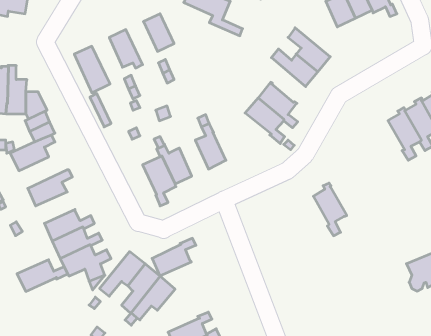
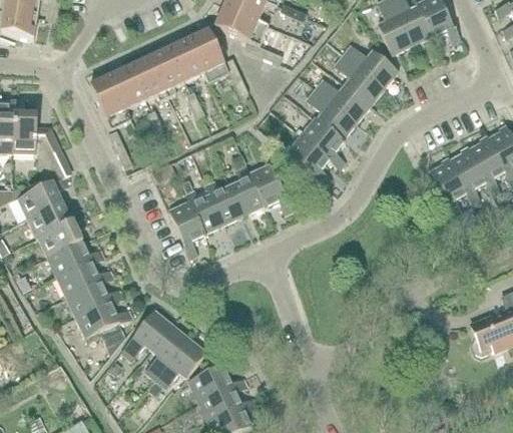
building: none -> [188,29,248,95]
building: none -> [343,44,398,87]
building: none -> [149,47,185,96]
building: none -> [110,65,145,108]
building: none -> [307,88,355,139]
building: none -> [248,163,292,212]
building: none -> [204,178,243,224]
building: none -> [27,201,82,238]
building: [313,183,347,236] -> [430,156,468,216]
building: [152,238,196,276] -> [188,359,238,402]
building: [17,260,68,291] -> [46,242,104,278]

